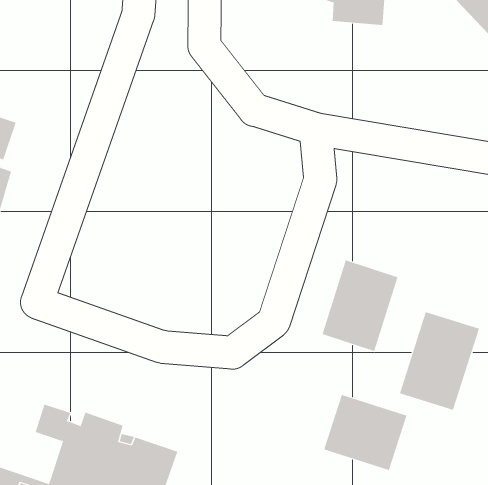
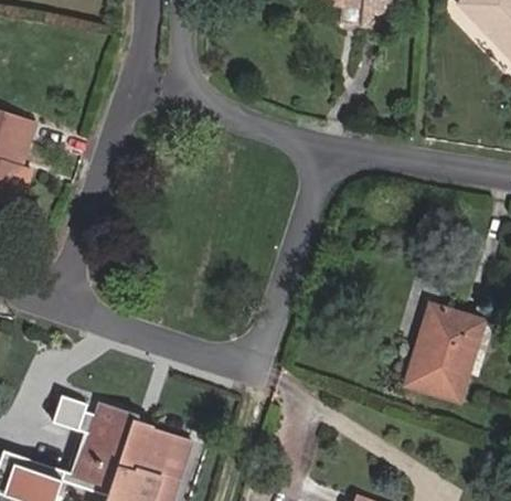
building: [322,260,398,352] -> none
building: [324,394,407,471] -> none

